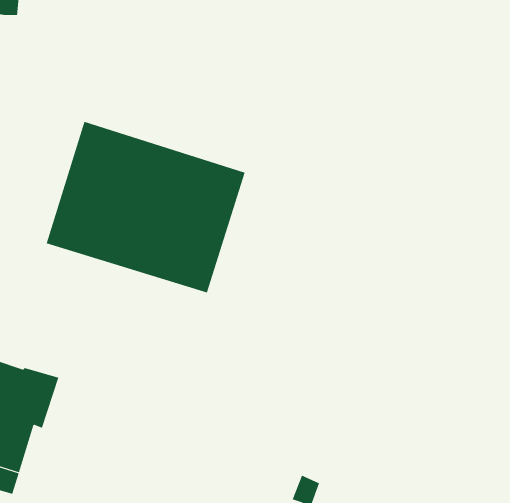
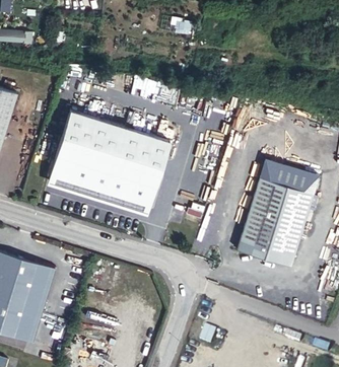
building: none -> [238,160,319,266]

